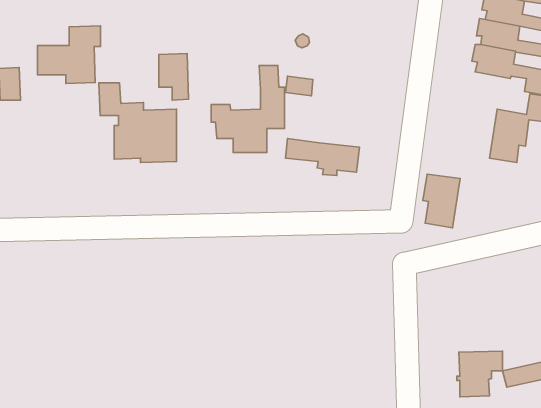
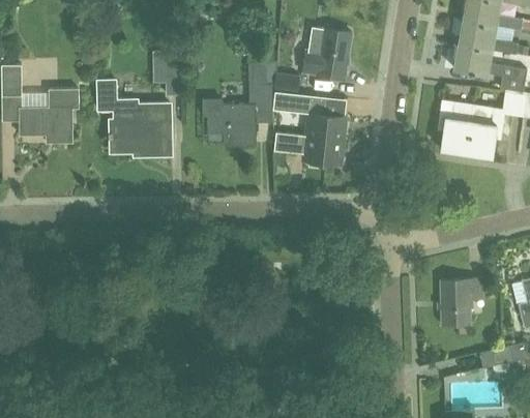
building: [37,26,101,84] -> [19,89,79,144]
building: none -> [301,29,352,79]
building: none -> [273,92,346,141]
building: [423,174,460,228] -> [439,100,474,151]
building: [457,351,503,397] -> [439,280,482,324]

